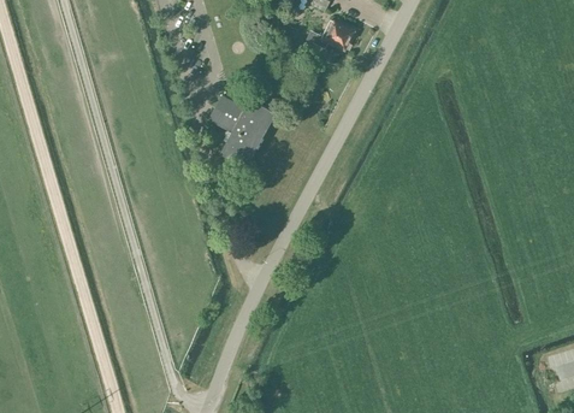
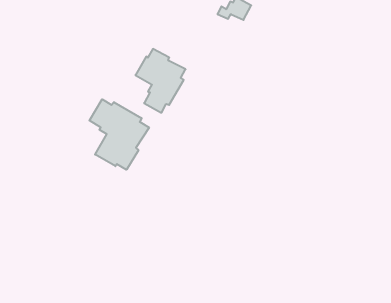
building: none -> [89,99,149,170]

